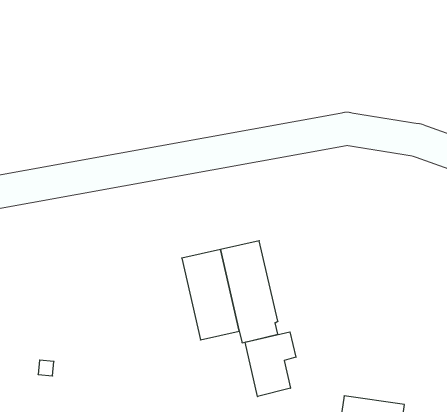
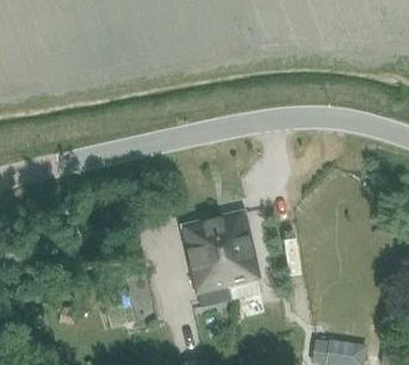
building: [245,332,296,397] -> none

